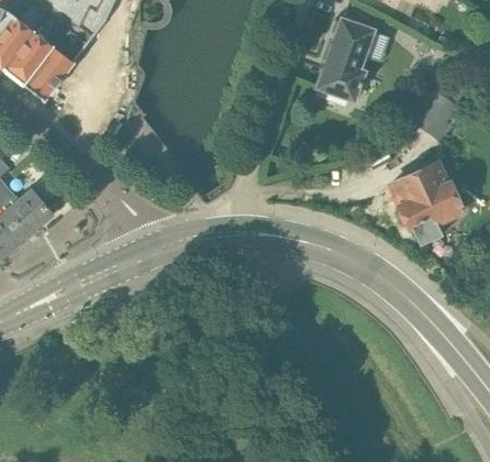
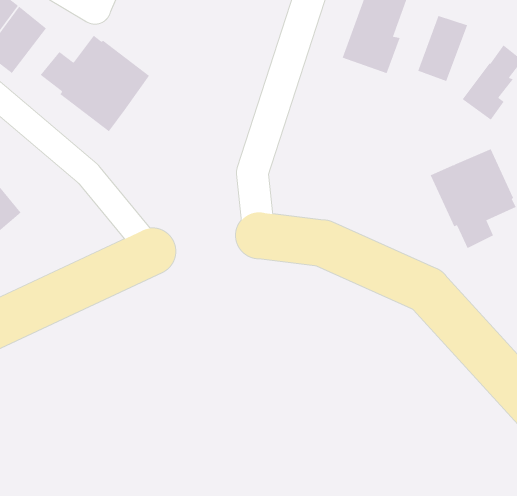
building: none -> [418,15,468,82]
building: none -> [40,35,150,132]

